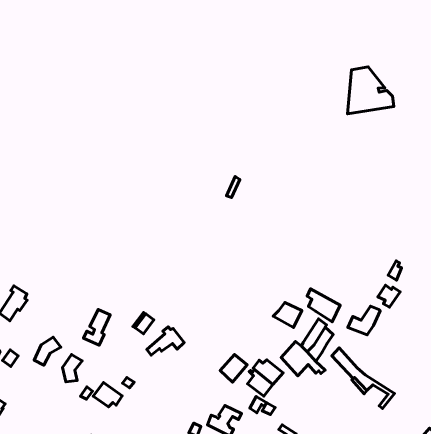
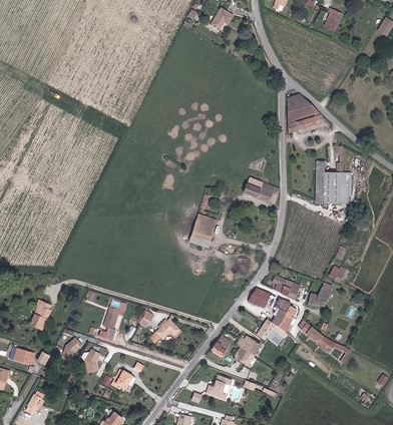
building: none -> [315,161,347,203]
building: none -> [244,177,280,203]
building: none -> [188,215,217,248]

